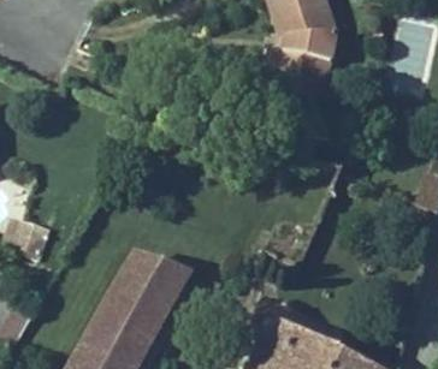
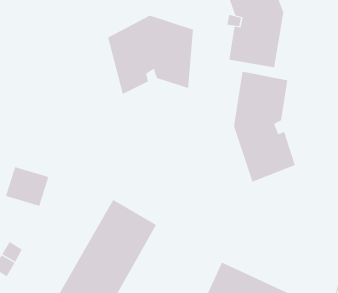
building: none -> [108,15,193,95]
building: none -> [233,71,295,182]

